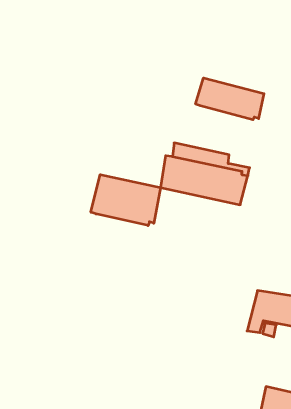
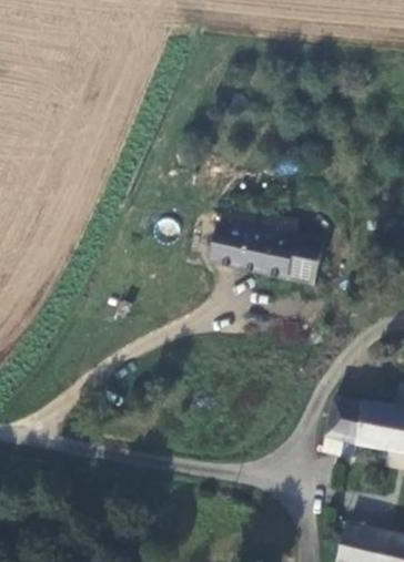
building: [196,78,264,120] -> none
building: [91,175,160,226] -> none

